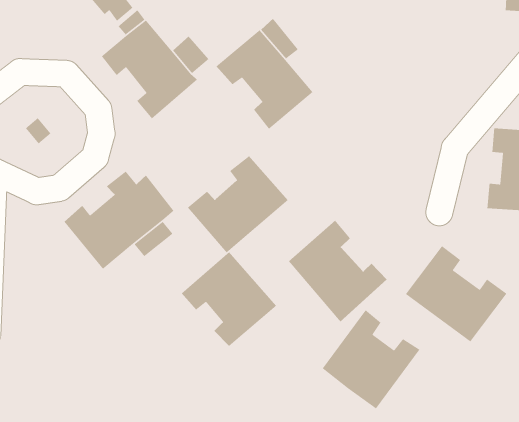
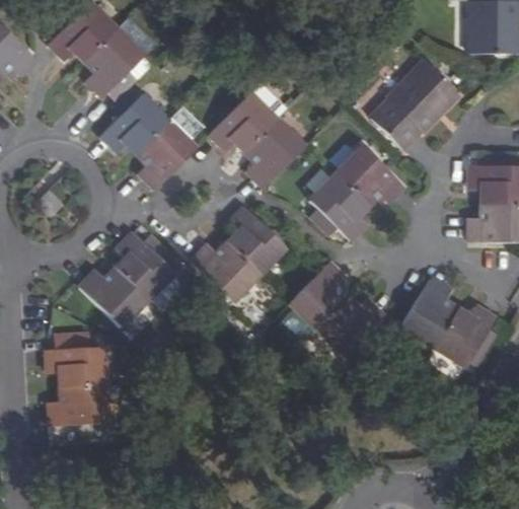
building: none -> [373,59,460,147]
building: none -> [313,147,404,238]
building: [181,251,277,347] -> none
building: none -> [46,346,106,426]
building: [321,309,420,410] -> none

